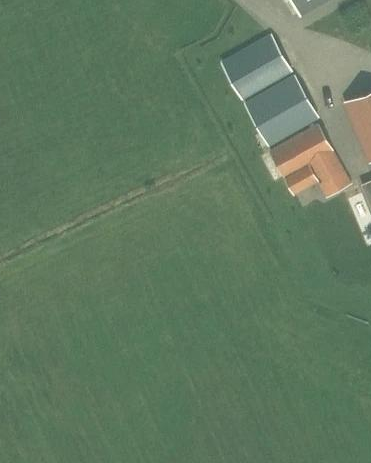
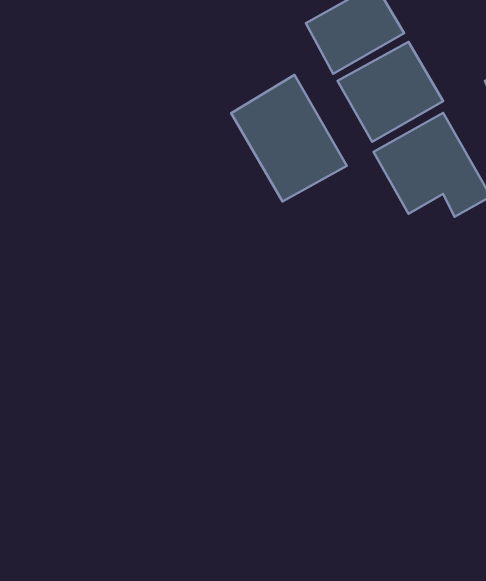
building: none -> [231,75,347,202]

